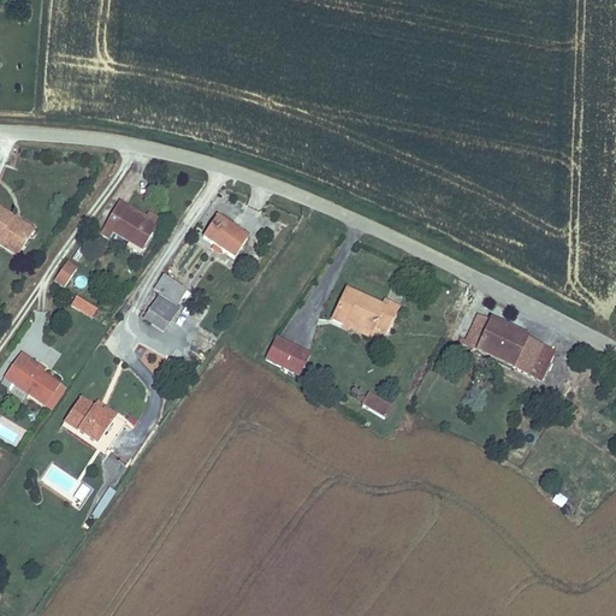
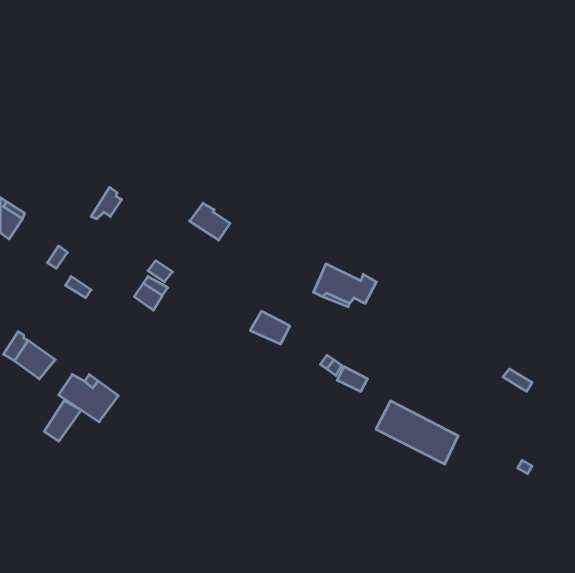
building: [119,213,152,245] -> none
building: [466,312,553,379] -> [376,401,458,464]
building: none -> [44,401,81,441]

